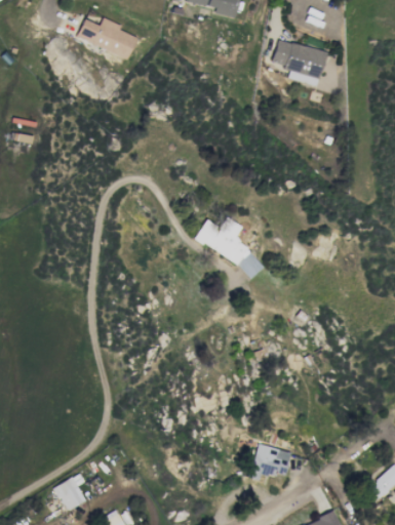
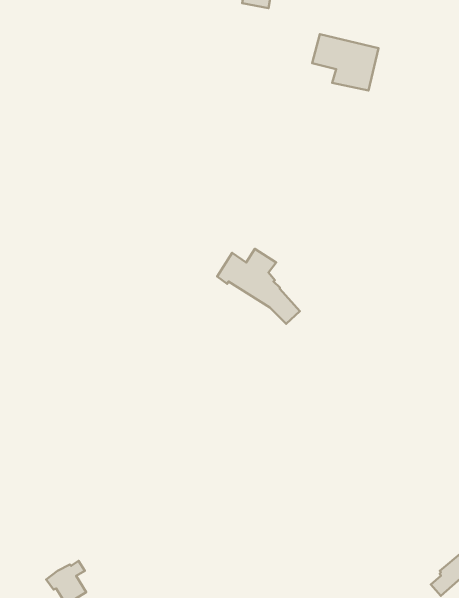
building: [76,17,136,57] -> none
building: [249,446,292,481] -> none

